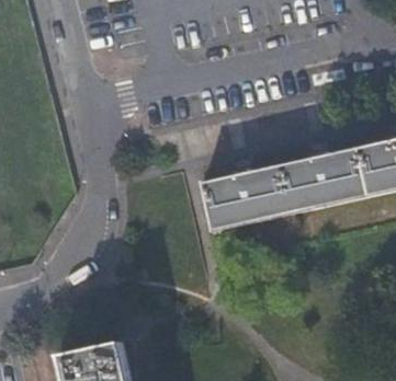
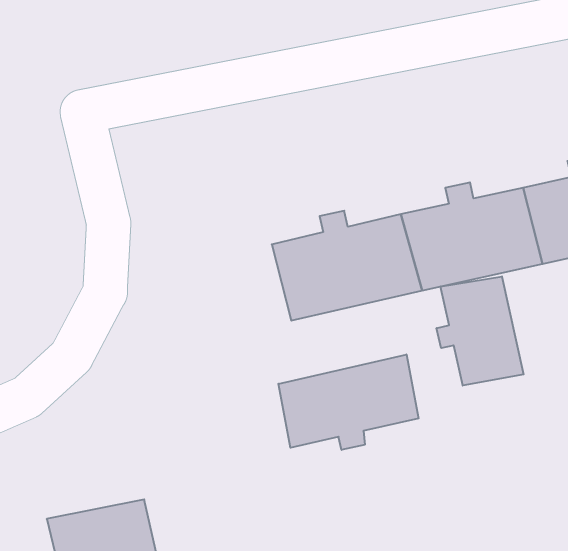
building: none -> [437,276,524,386]
building: none -> [278,354,419,450]

